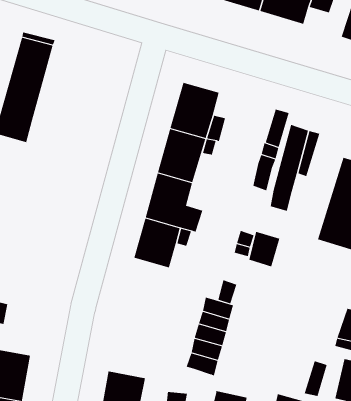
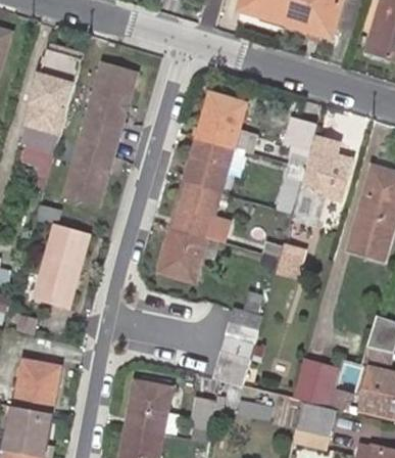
building: none -> [62,62,135,207]
building: none -> [34,222,91,306]
building: none -> [291,360,337,405]

